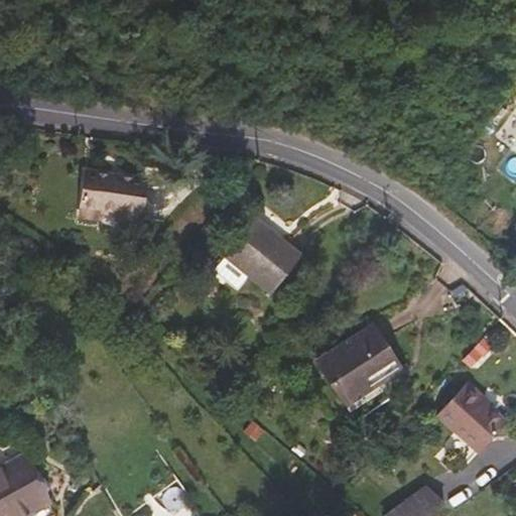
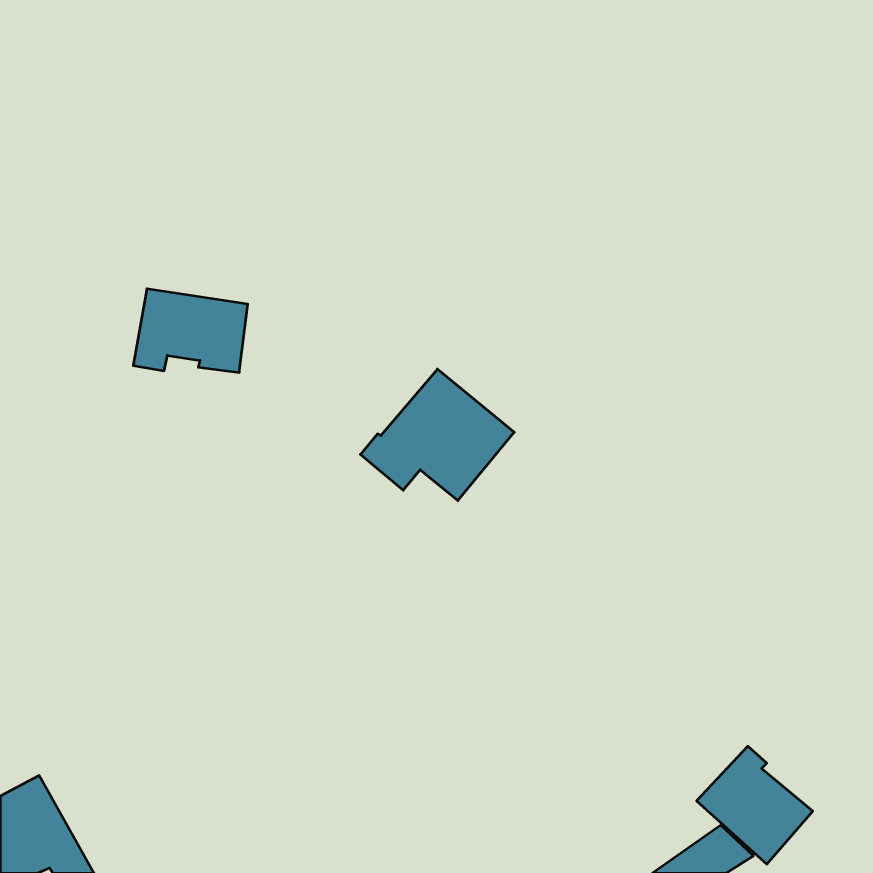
building: [318,327,400,405] -> none
building: [437,383,506,453] -> [697,746,813,864]

